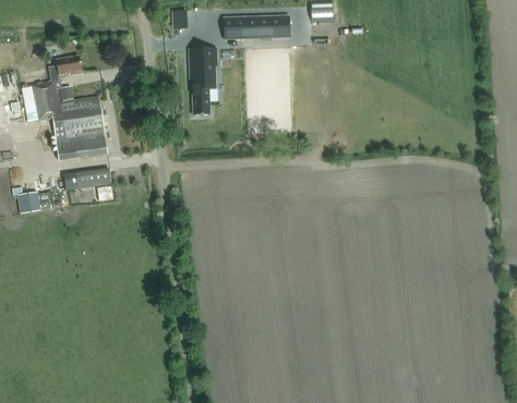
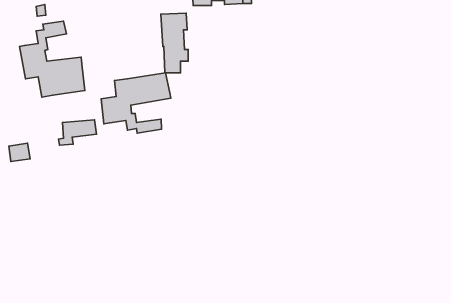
building: none -> [101,73,171,133]
building: [73,135,106,157] -> none

